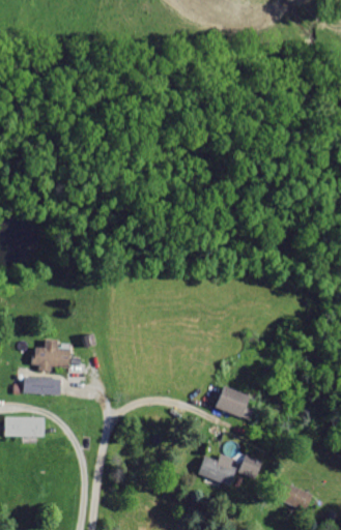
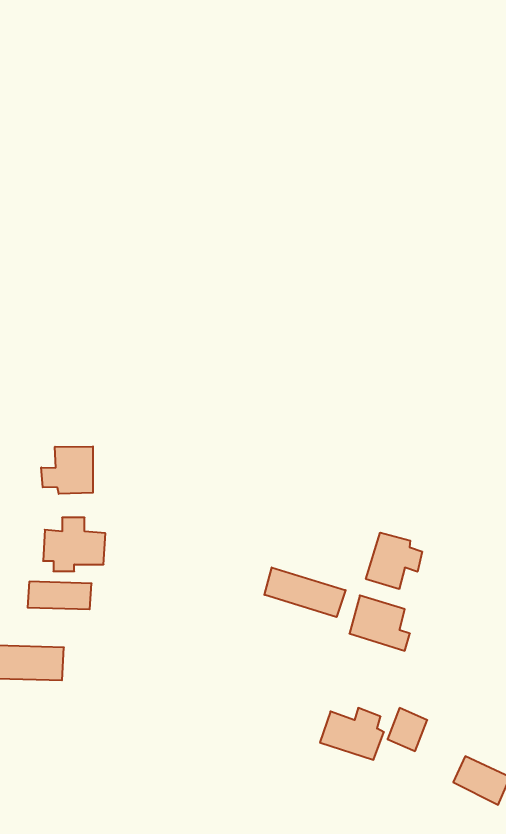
building: none -> [41,446,93,494]
building: none -> [366,533,422,589]
building: none -> [264,567,346,617]

